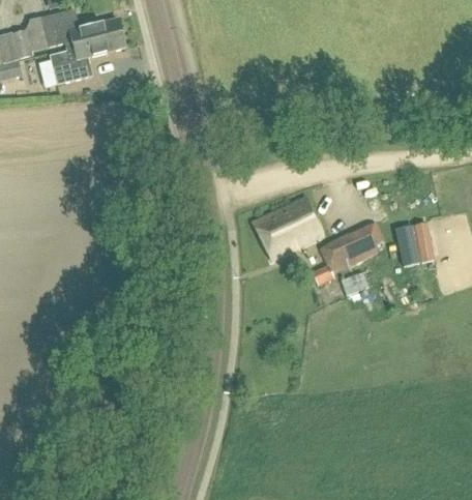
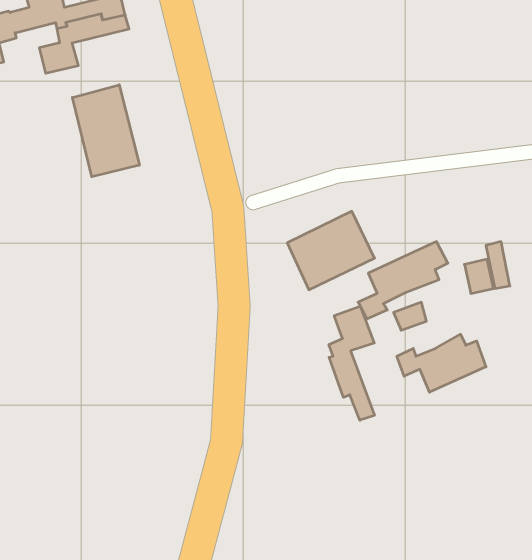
building: none -> [72,85,139,177]
building: none -> [329,306,374,420]
building: none -> [397,334,486,392]

